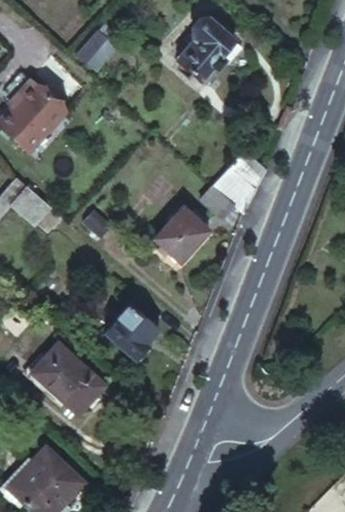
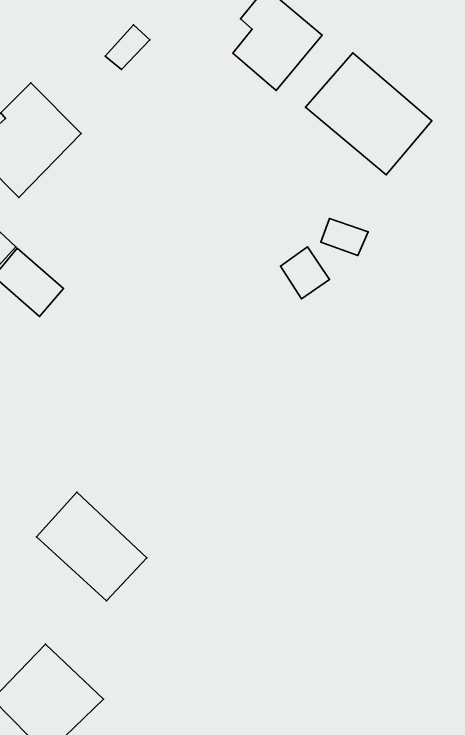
building: none -> [305,53,432,175]
building: [155,205,208,259] -> none
building: [101,303,157,363] -> none

